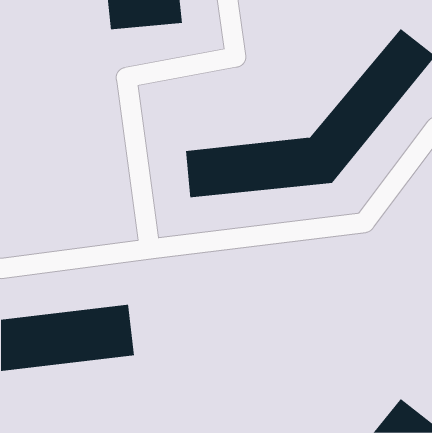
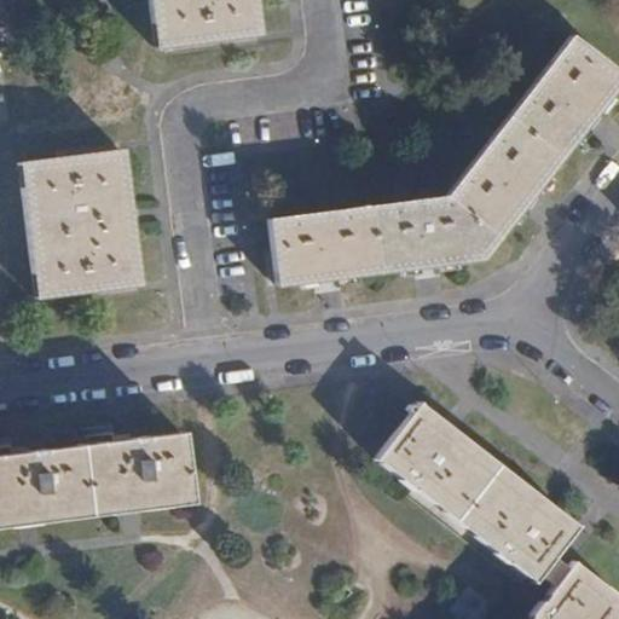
building: none -> [27,151,145,293]
building: none -> [371,404,574,585]

